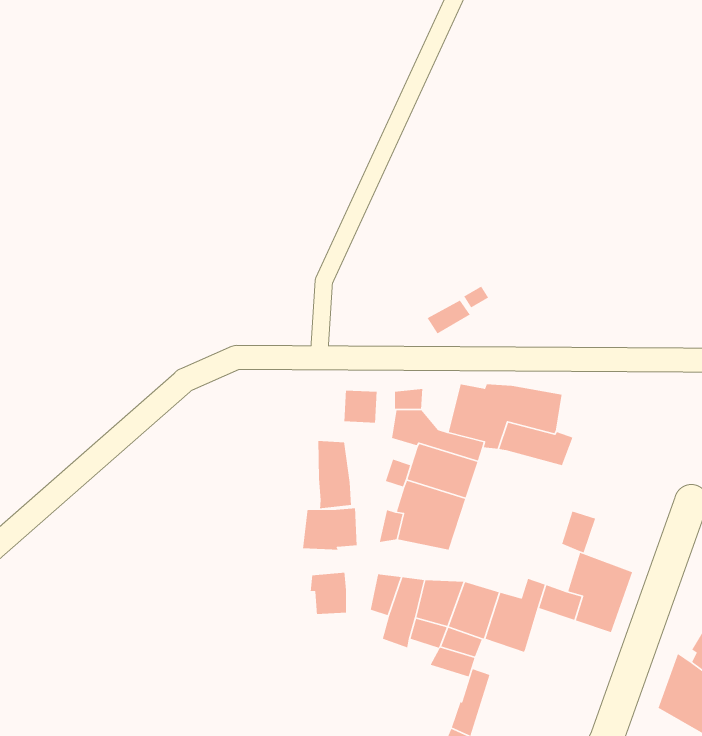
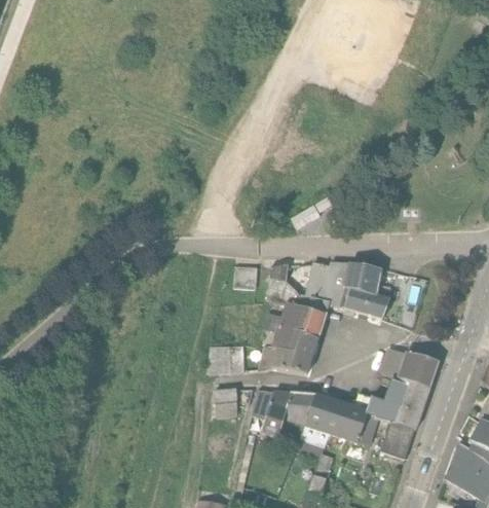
building: [317,440,352,509] -> none
building: none -> [397,351,438,388]
building: none -> [358,412,415,450]

